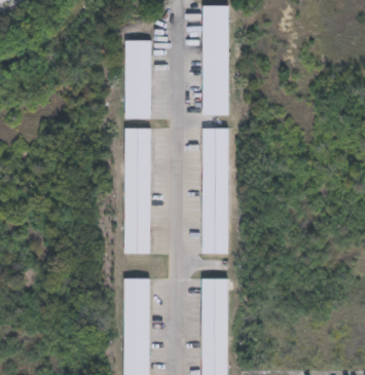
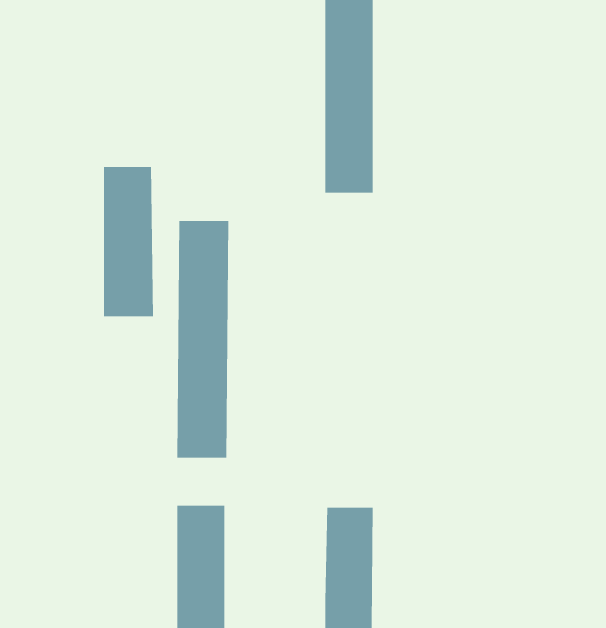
building: [124,39,151,118] -> [103,167,154,317]
building: [202,126,229,252] -> none

